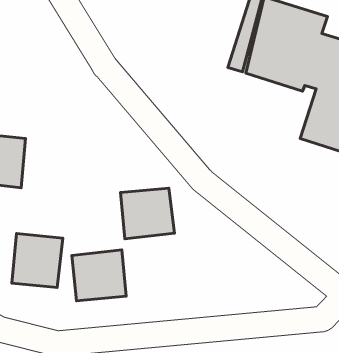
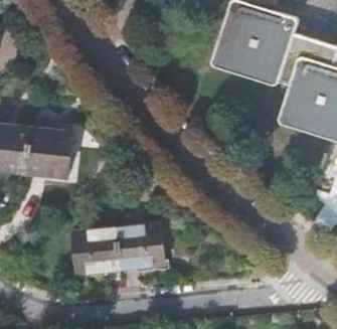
building: [120,188,175,239] -> [117,224,165,270]
building: [12,234,63,288] -> [27,129,72,177]

